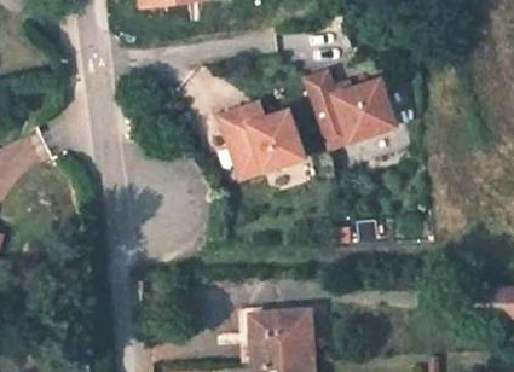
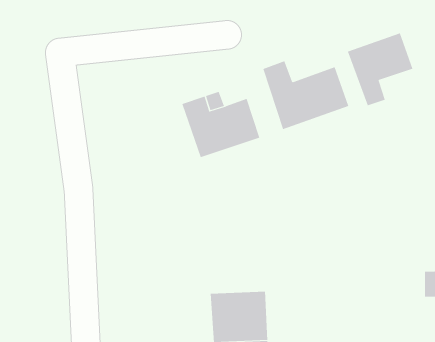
building: none -> [347,33,413,106]

